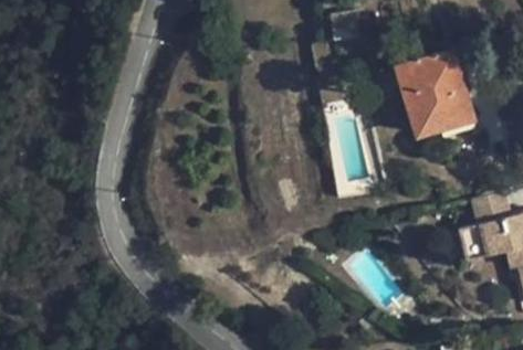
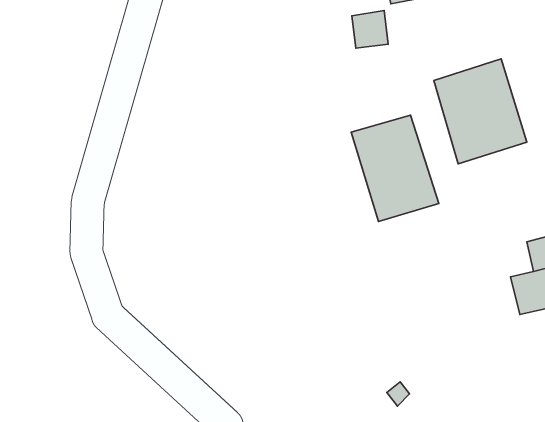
building: none -> [351,115,439,222]

